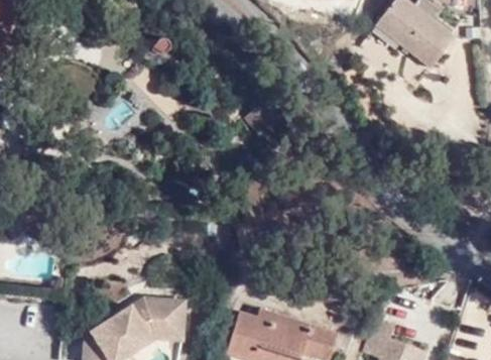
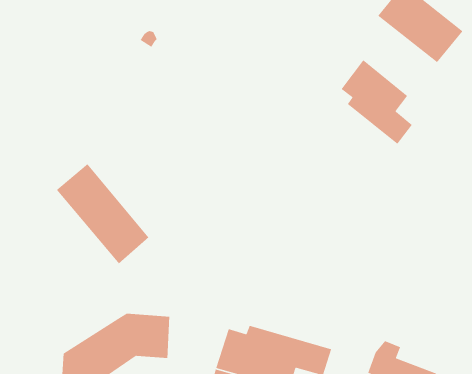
building: none -> [341,59,413,145]
building: none -> [56,163,149,264]

